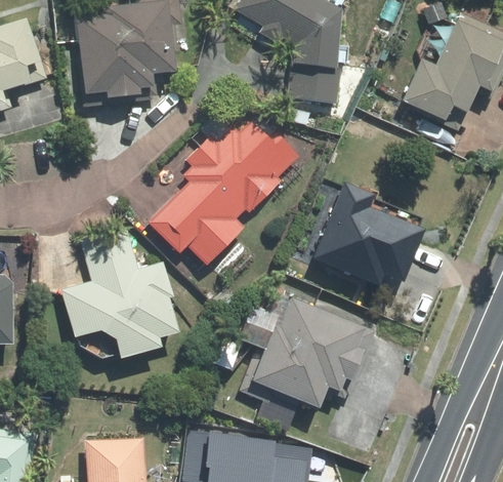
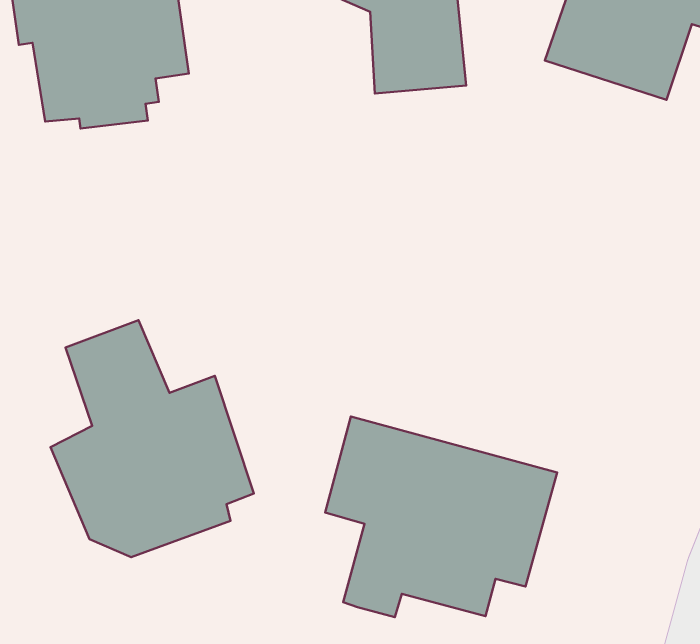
building: [149,114,298,267] -> none
building: [311,183,424,287] -> none

